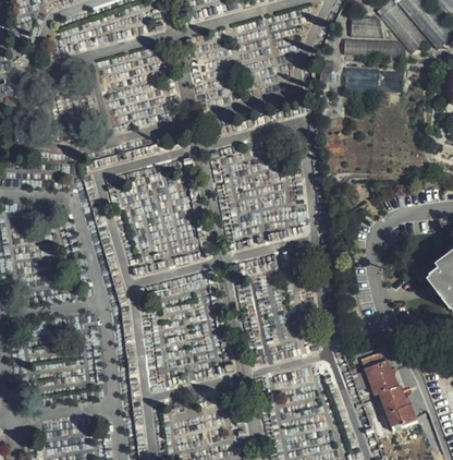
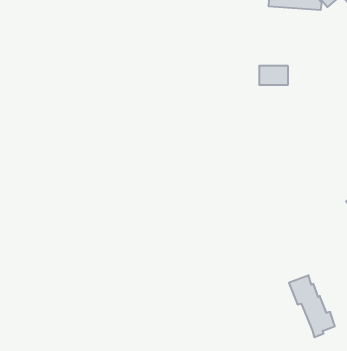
building: [344,66,378,88] -> [259,66,288,85]

